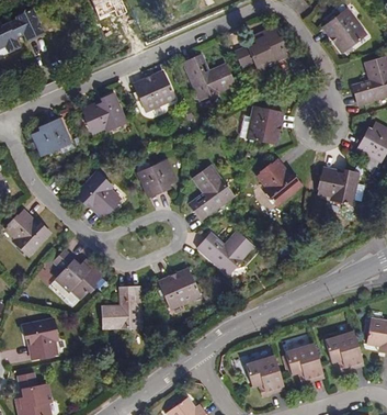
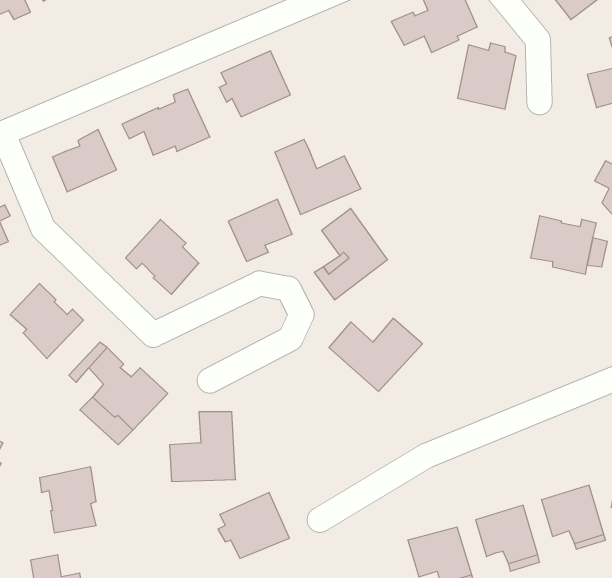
building: [183,54,235,99] -> [275,139,361,214]
building: [247,104,282,144] -> [457,43,516,109]
building: [257,160,300,204] -> none
building: [157,268,200,307] -> [218,492,289,558]

